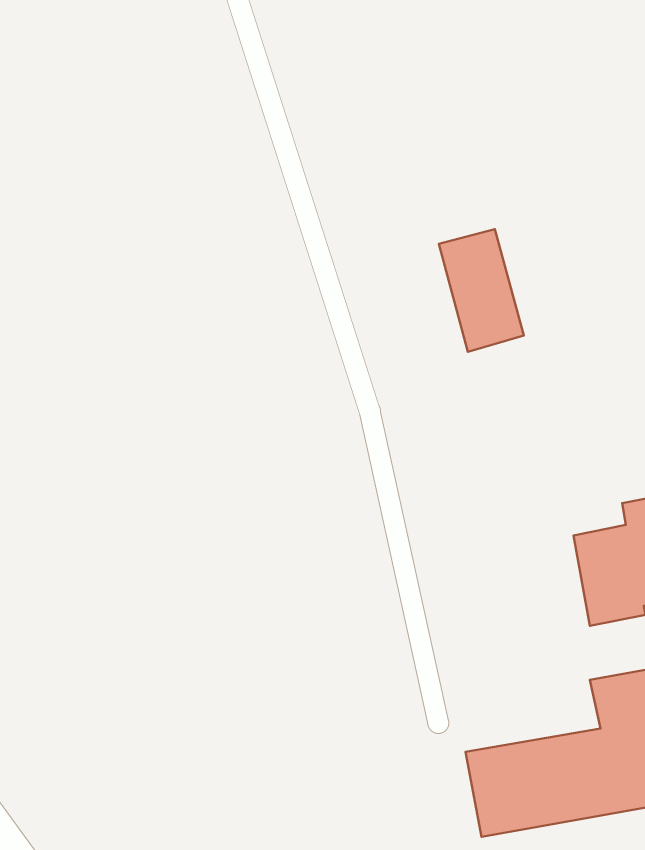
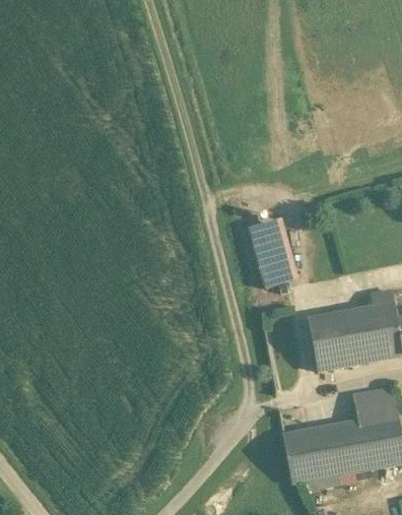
building: [439,229,524,352] -> [249,218,296,287]
building: none -> [307,313,351,370]

